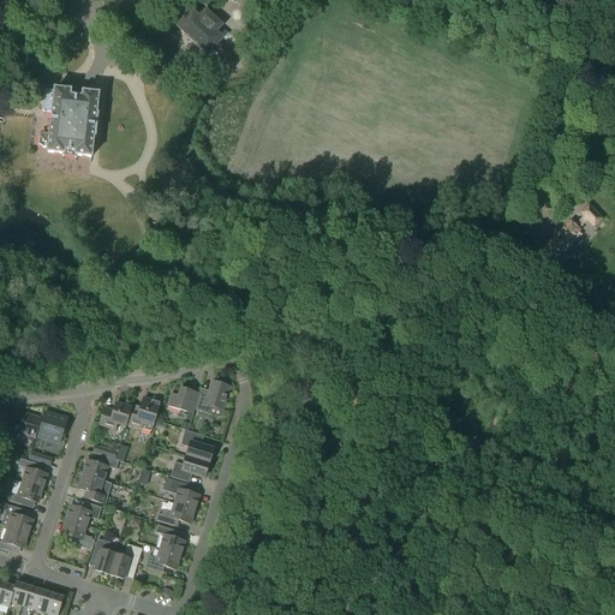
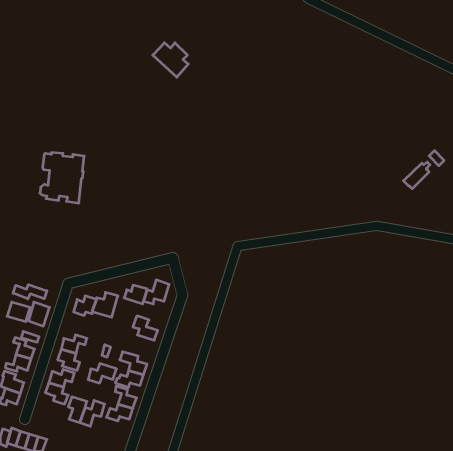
building: [175,7,223,54] -> [153,43,188,77]
building: [38,88,98,156] -> [40,153,84,203]
building: none -> [13,285,47,299]
building: [171,454,209,480] -> [88,364,117,383]

